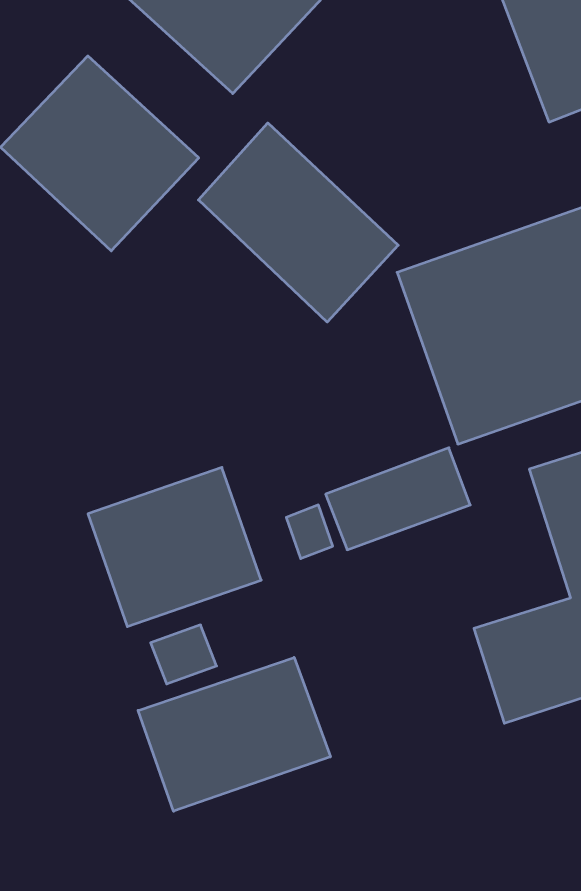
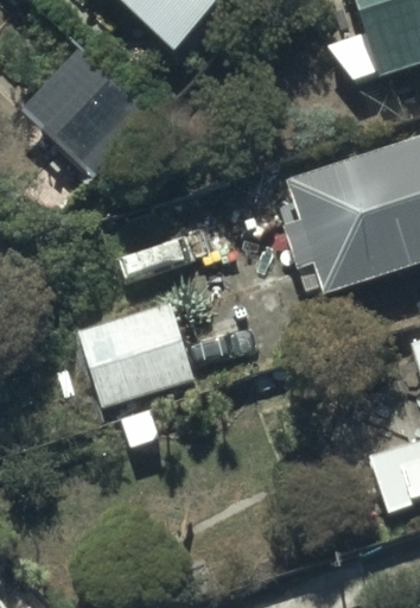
building: [198,123,398,322] -> none
building: [138,657,330,811] -> none

